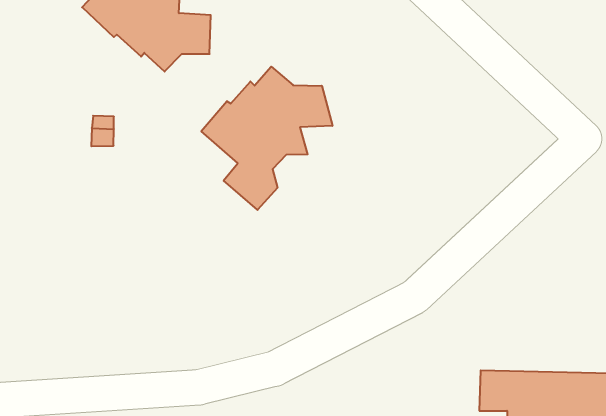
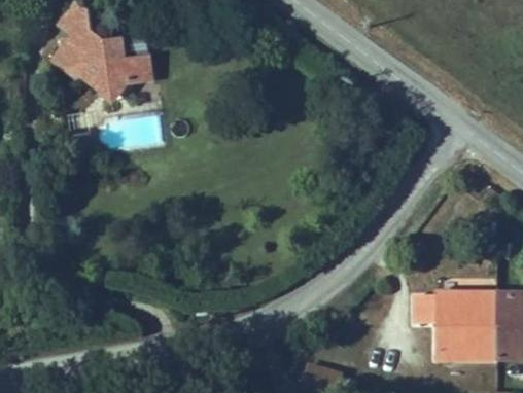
building: [201,67,332,210] -> none

